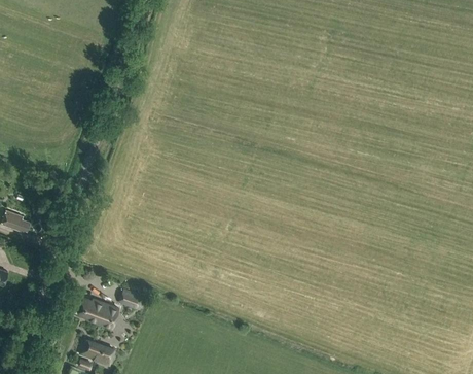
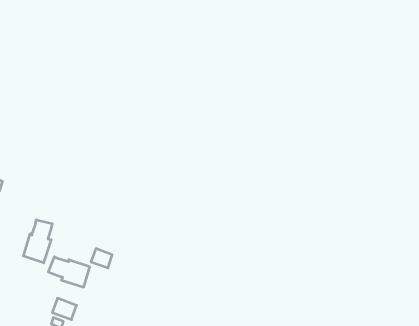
building: none -> [23,220,52,263]

